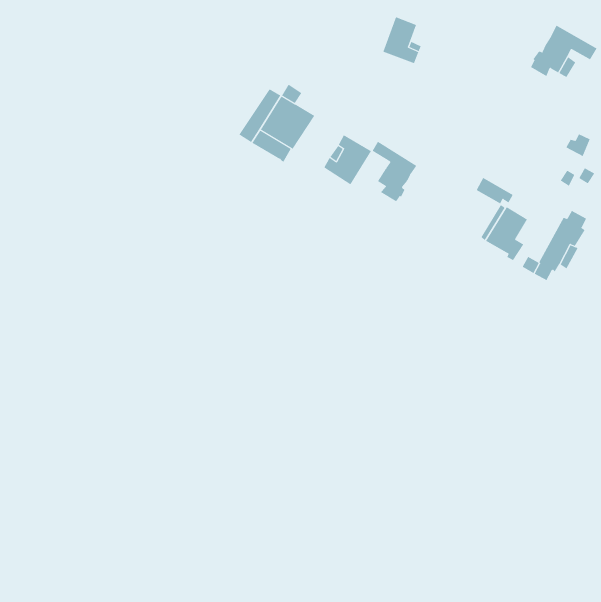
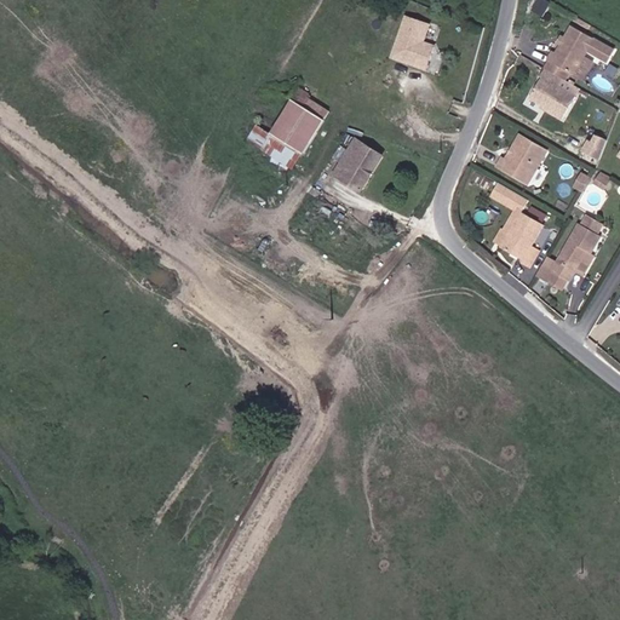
building: none -> [530,69,575,120]
building: none -> [494,136,545,185]
building: [372,141,417,202] -> none

